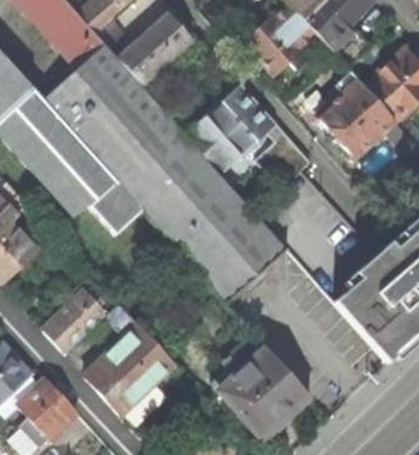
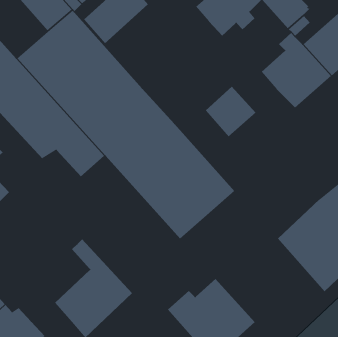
building: [184,80,276,172] -> none
building: [42,283,110,352] -> none

